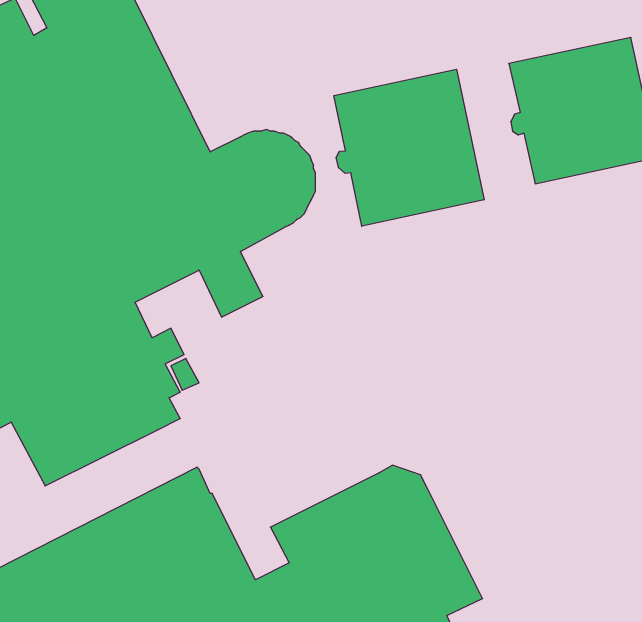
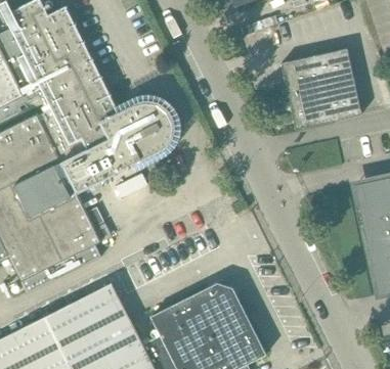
building: [334,69,484,226] -> none

